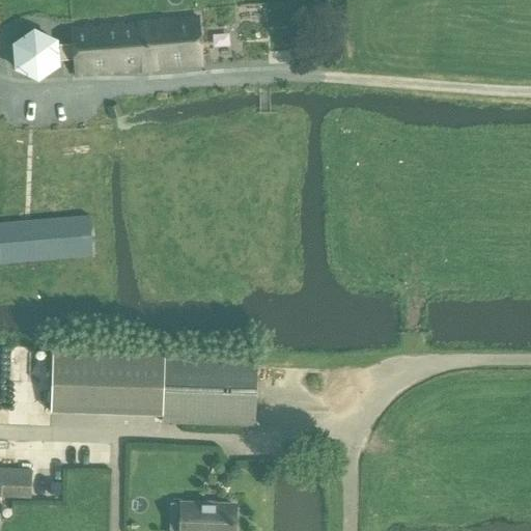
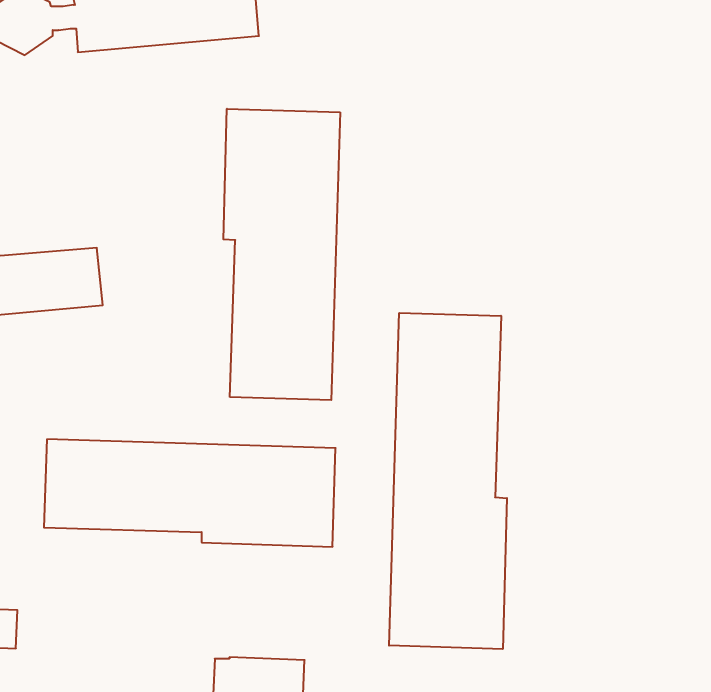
building: none -> [223,109,340,400]
building: none -> [389,313,507,649]

